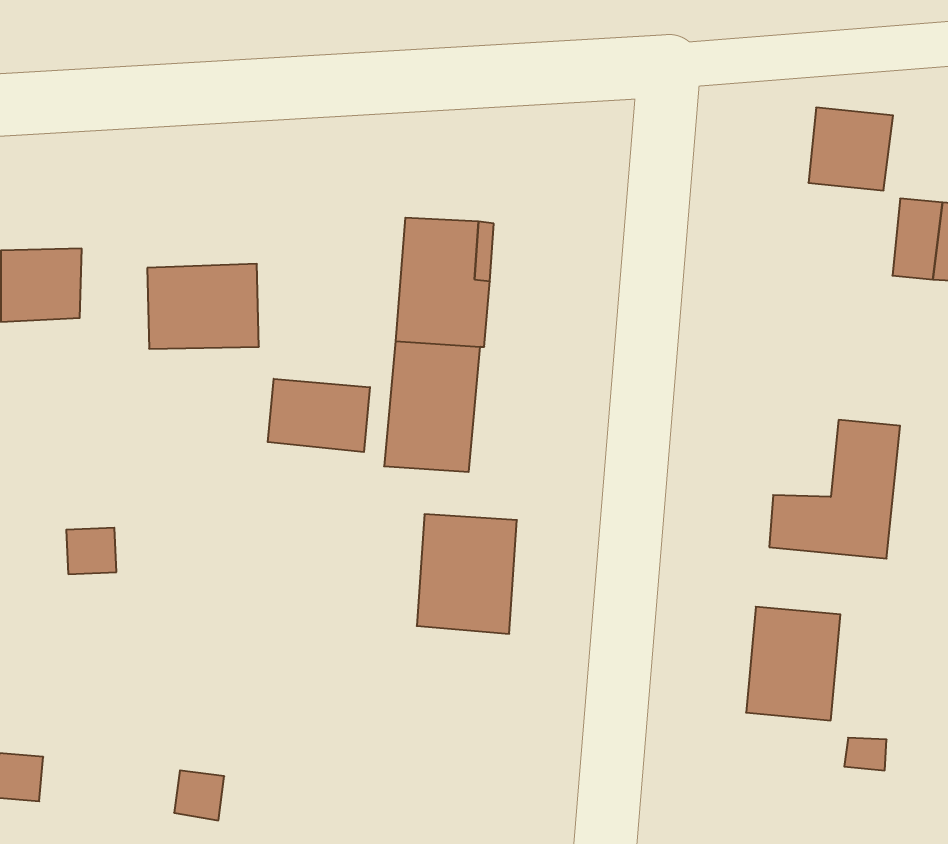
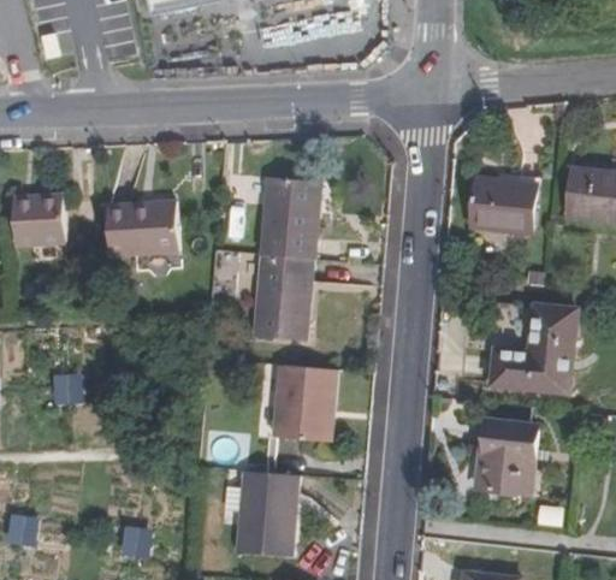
building: [808,108,893,190] -> [478,179,531,231]
building: [268,379,370,452] -> none
building: none -> [238,470,298,556]

